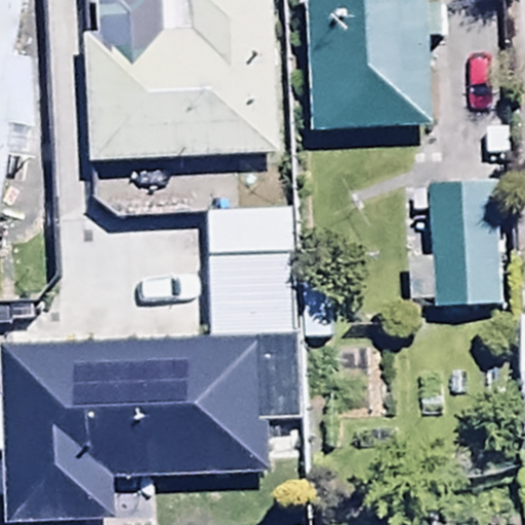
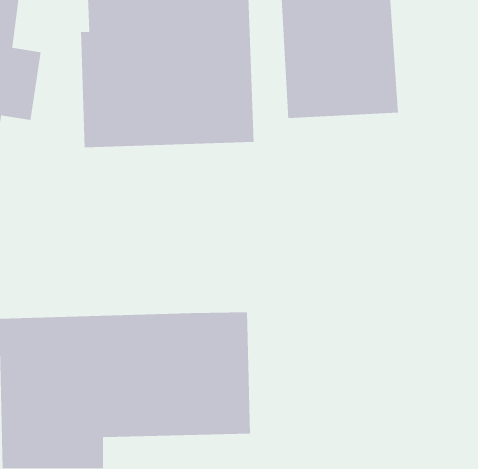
building: [408,173,501,302] -> none
building: [205,255,296,339] -> none

